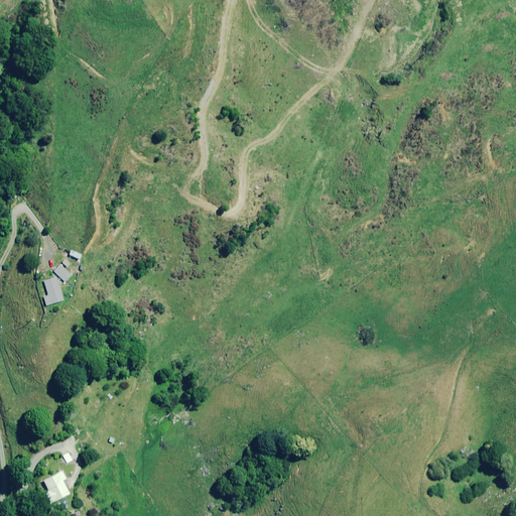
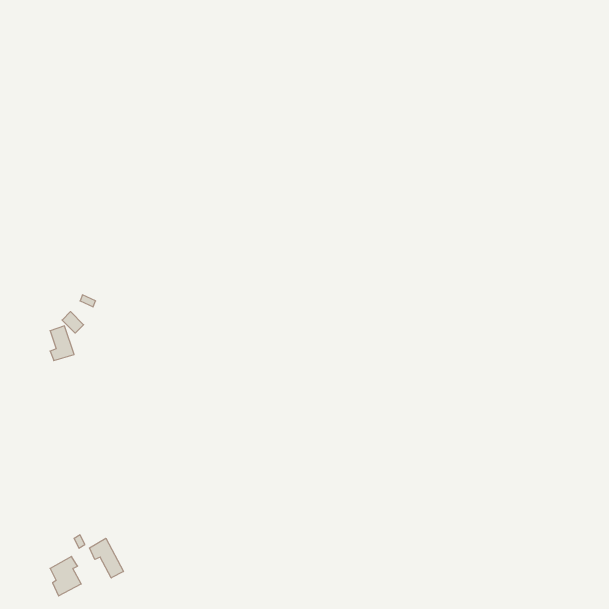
building: none -> [89,538,123,578]

